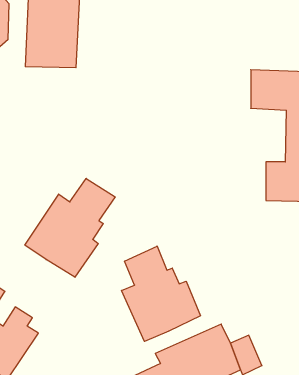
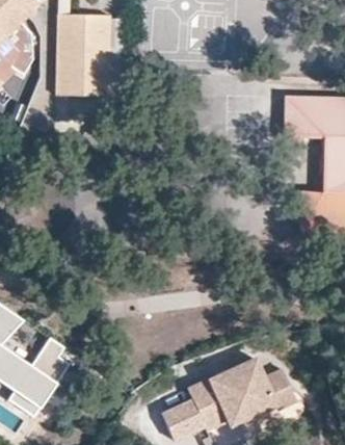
building: [25,178,115,277] -> none
building: [122,246,200,341] -> none

